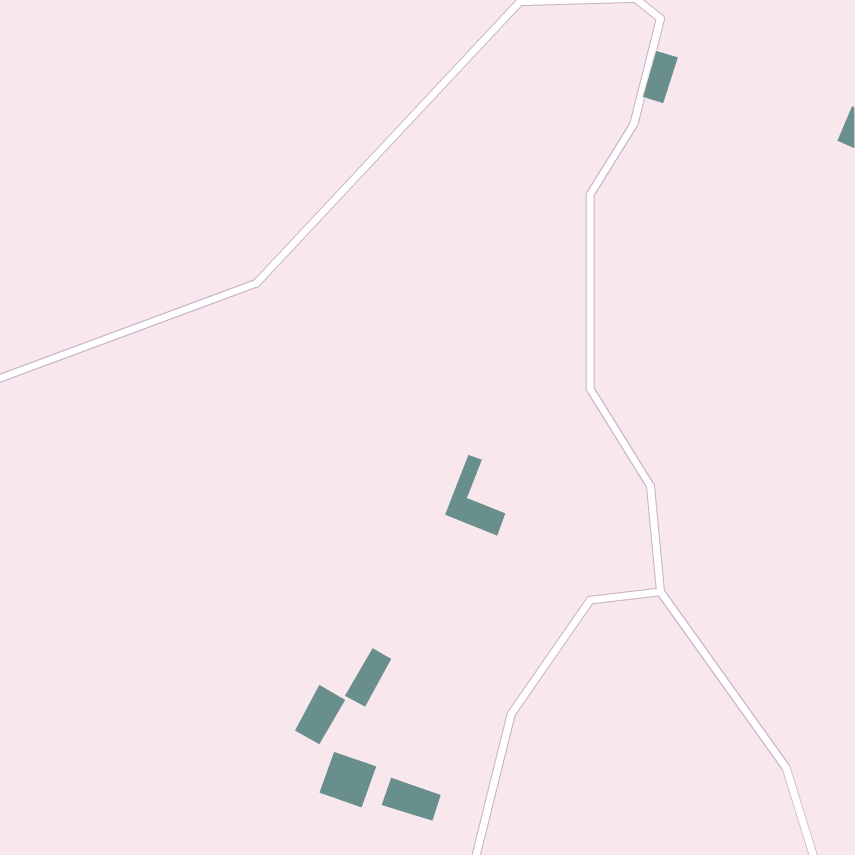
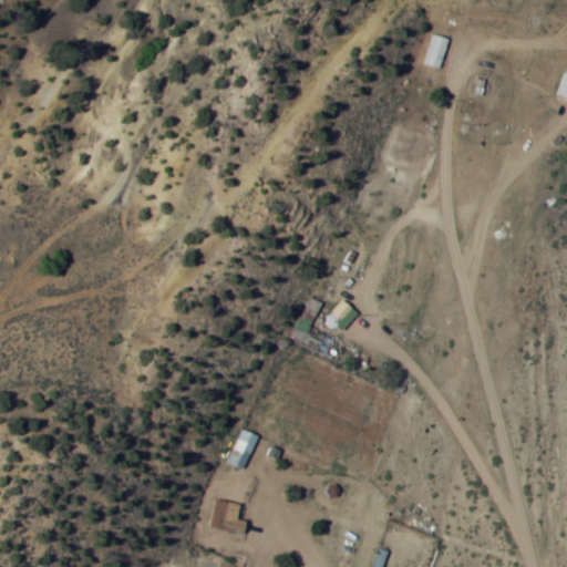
building: [294,684,346,745] -> none
building: [381,777,442,822] -> none

